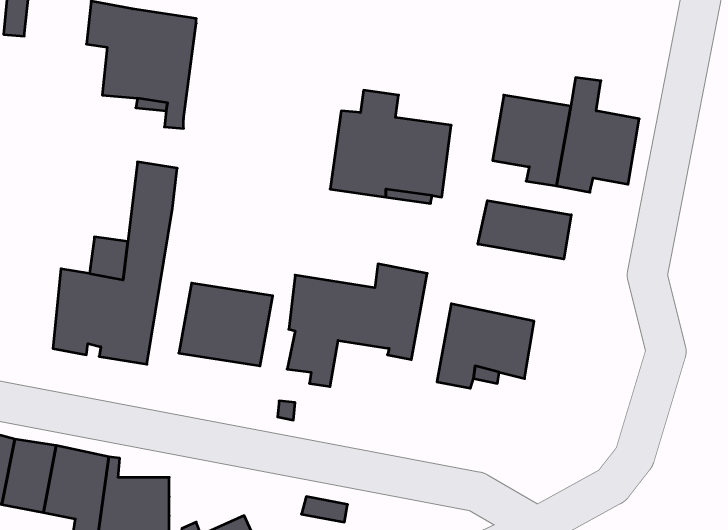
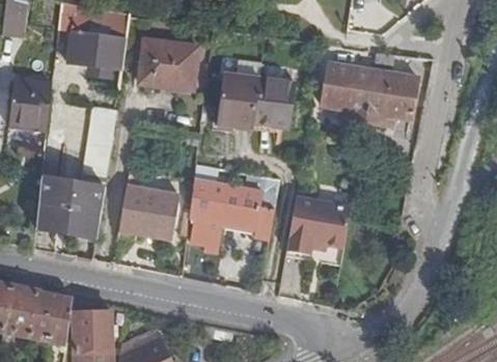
building: none -> [139,39,198,90]
building: none -> [9,80,52,131]
building: [478,201,571,259] -> none

